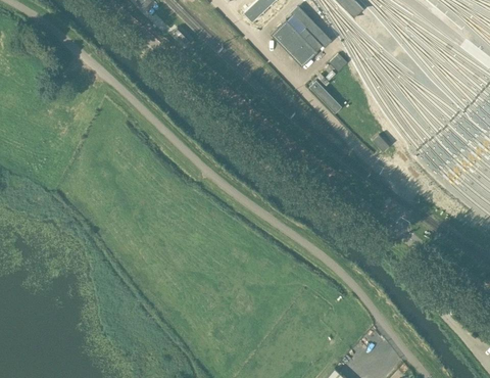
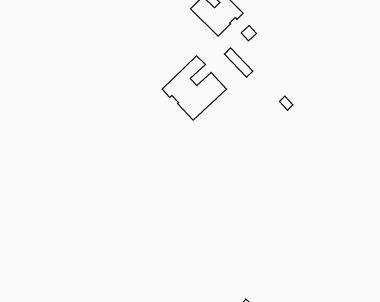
building: none -> [162,56,227,120]

